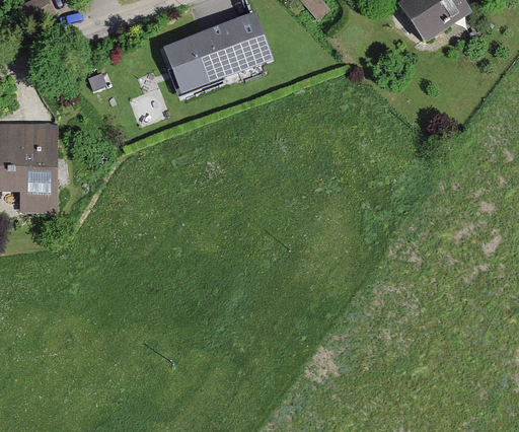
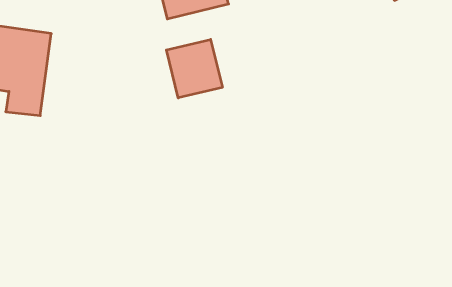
building: none -> [166,39,222,98]

